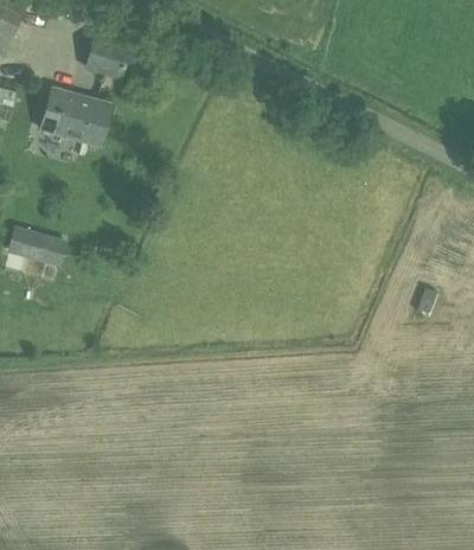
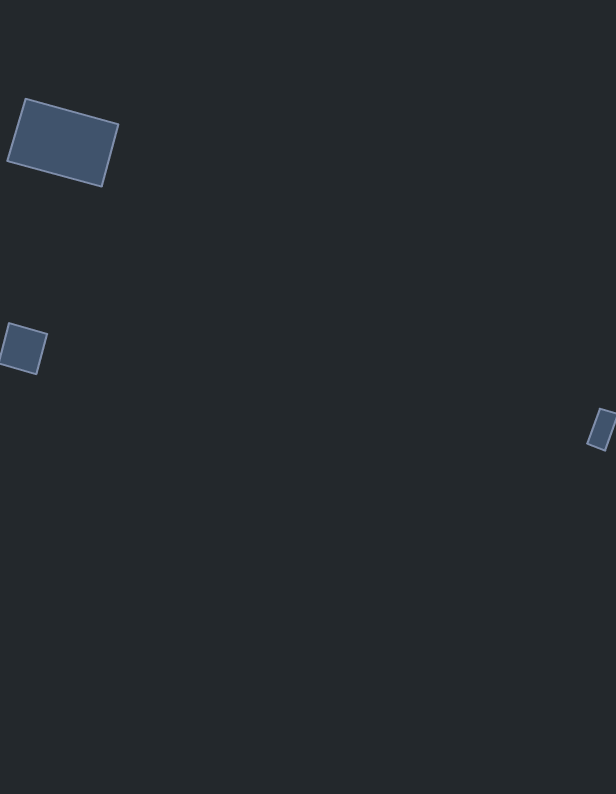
building: [84,40,128,83] -> none

